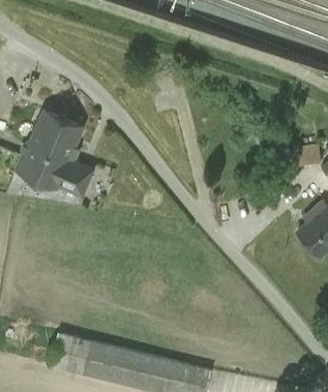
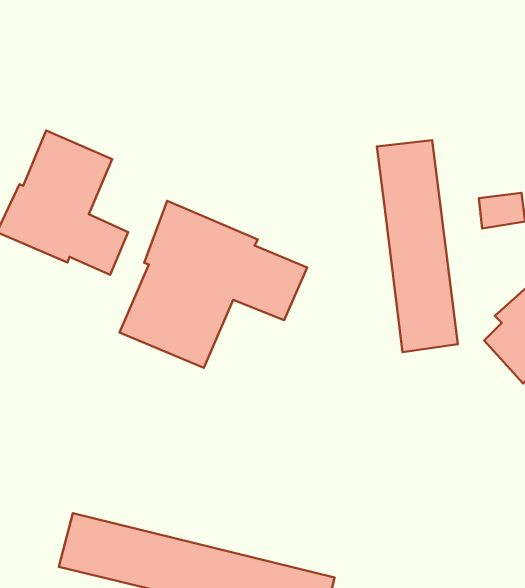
building: none -> [377,140,458,352]
building: none -> [120,201,307,368]

